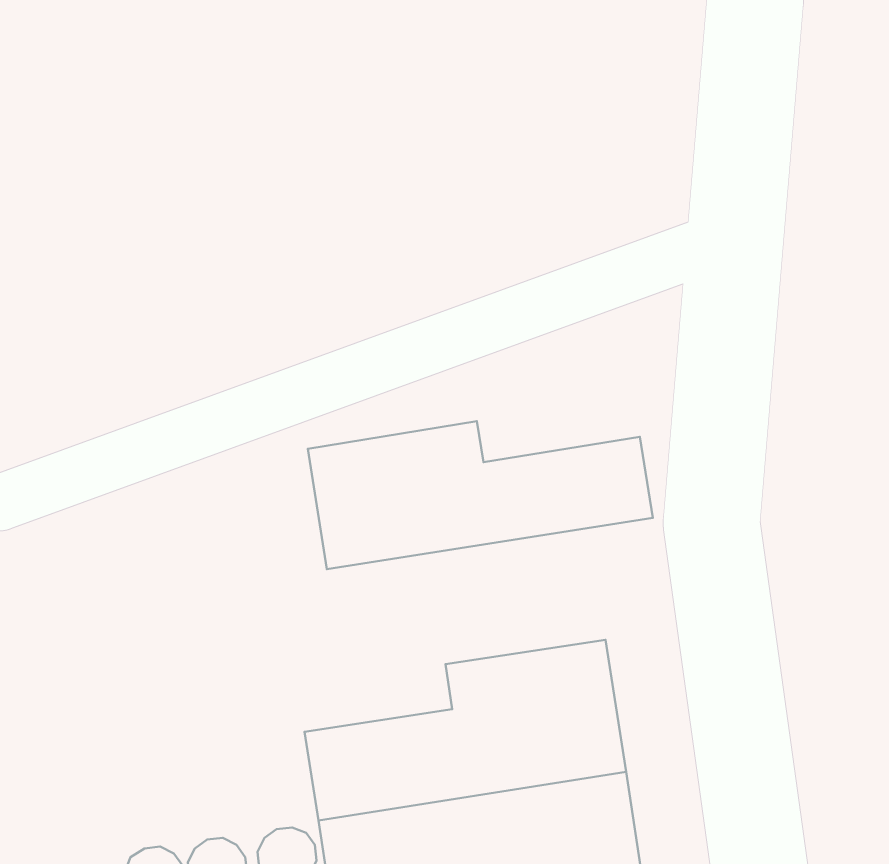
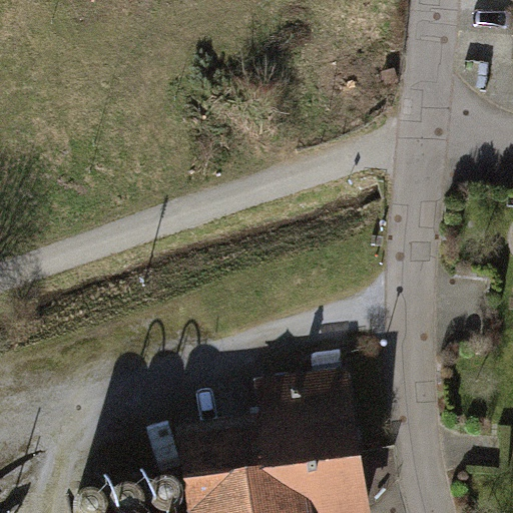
building: [308,421,653,569] -> none

